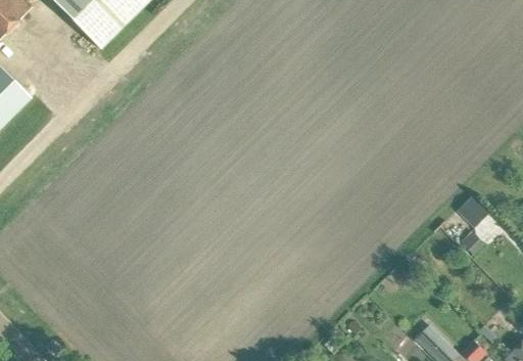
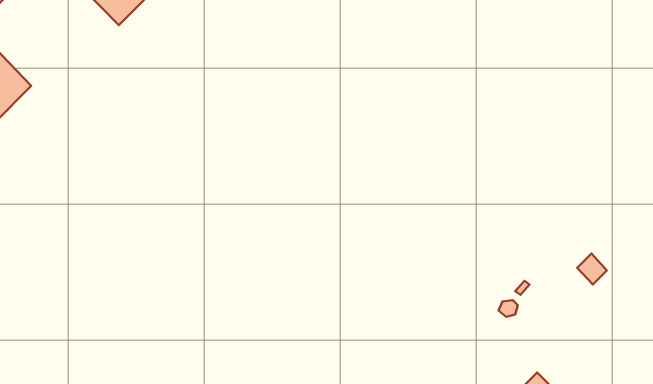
building: [458,194,491,228] -> none

